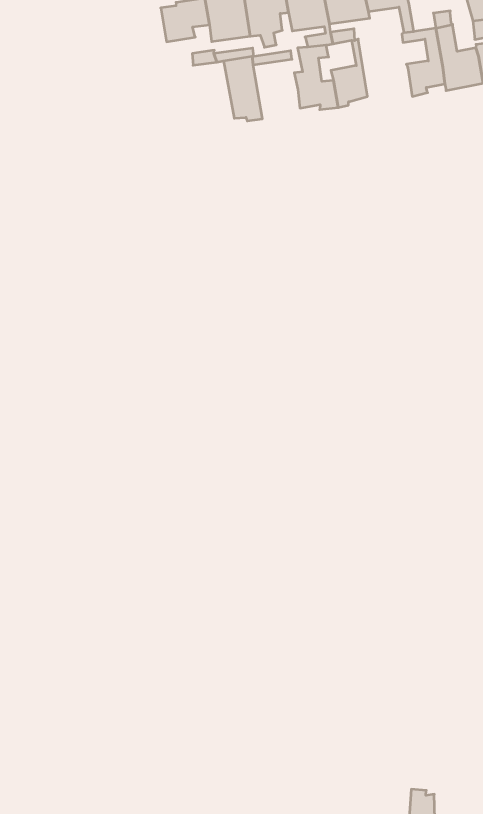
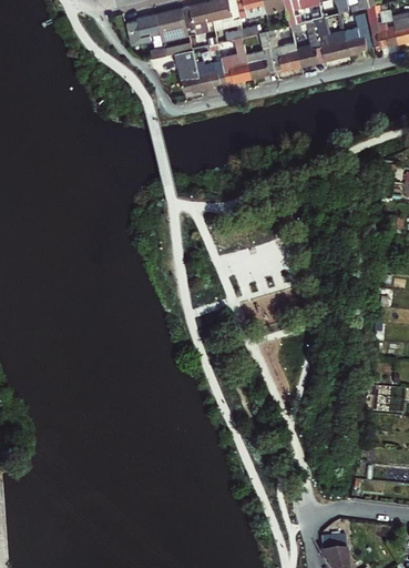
building: none -> [262,30,300,70]
building: none -> [195,61,226,90]

